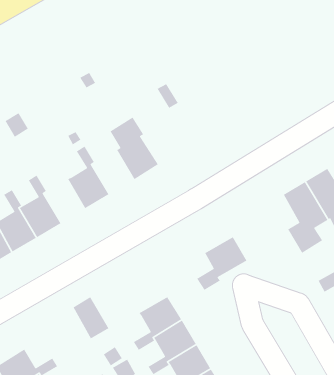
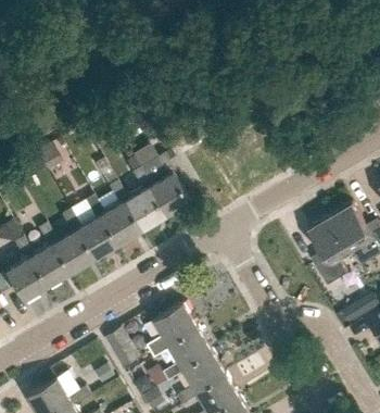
building: none -> [123,167,164,229]
building: none -> [76,196,116,258]
building: [196,236,248,291] -> [147,304,197,358]

